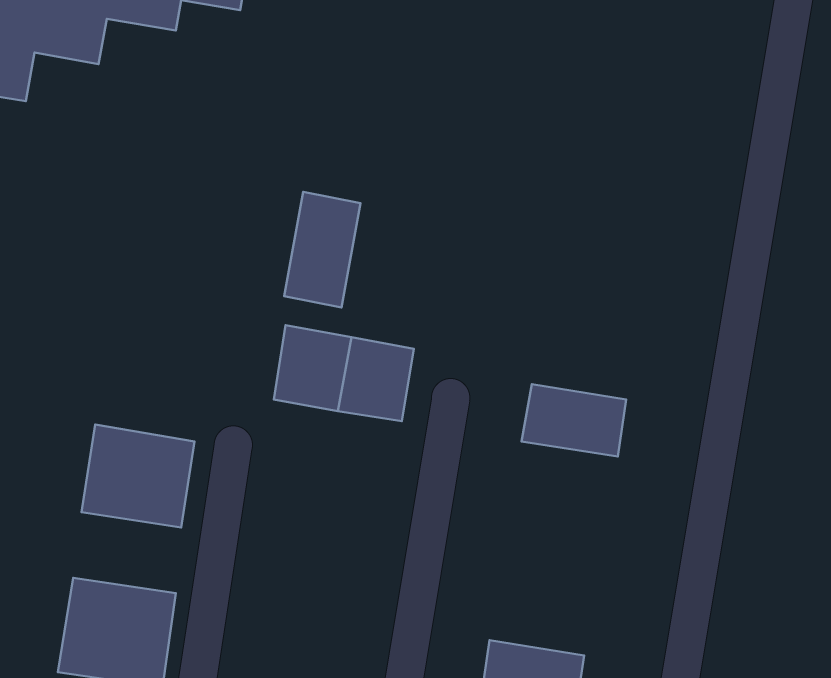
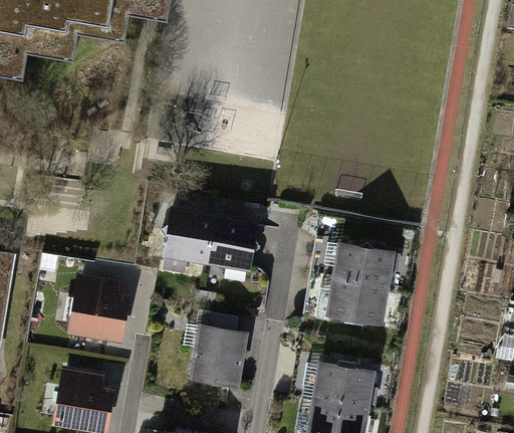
building: [284,192,360,308] -> none
building: none -> [321,282,383,322]
building: none -> [183,316,250,392]
building: none -> [307,370,368,410]

